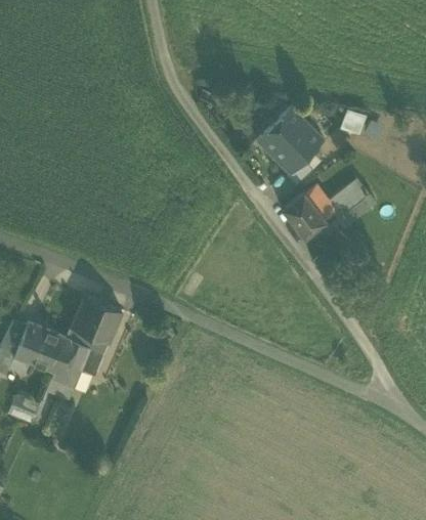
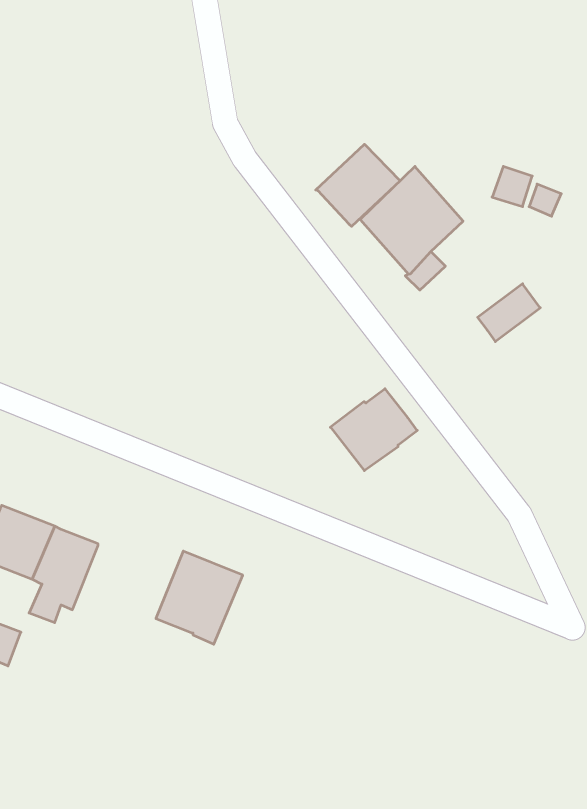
building: none -> [316,144,400,226]
building: [282,184,337,236] -> [330,389,417,471]
building: [66,295,121,354] -> [156,551,243,644]

